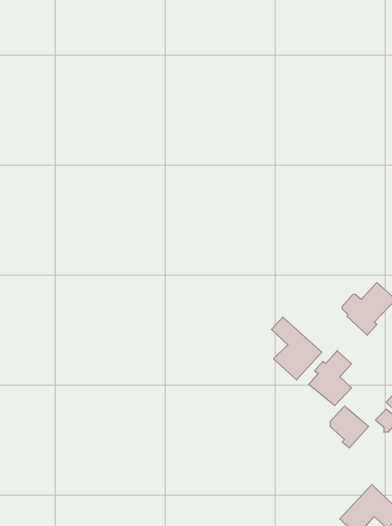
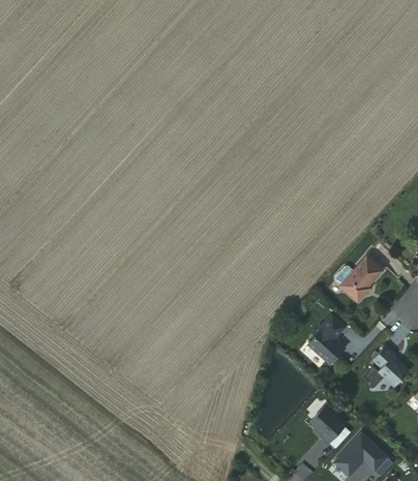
building: [271,317,322,380] -> none
building: [330,406,368,448] -> [312,408,346,444]

